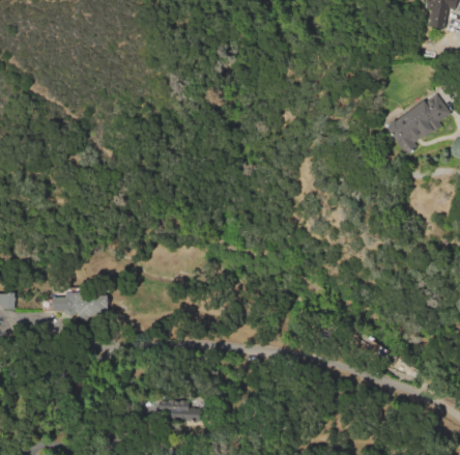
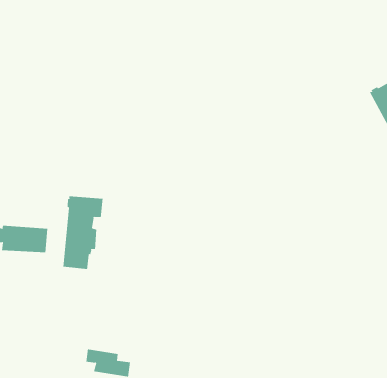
building: none -> [63,195,103,270]

